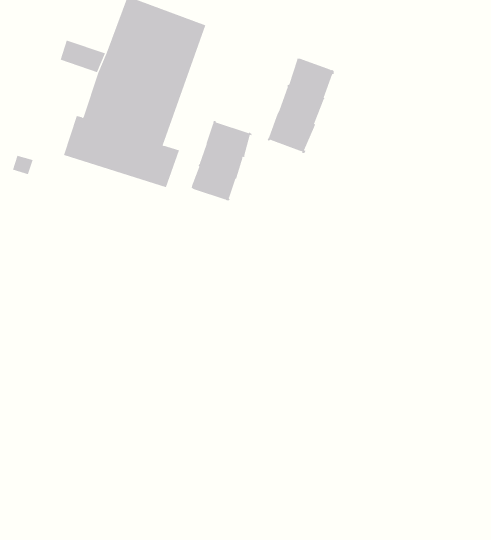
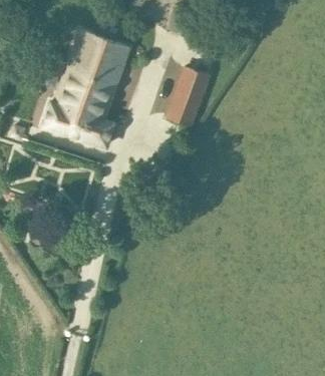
building: [190,120,252,201] -> none

